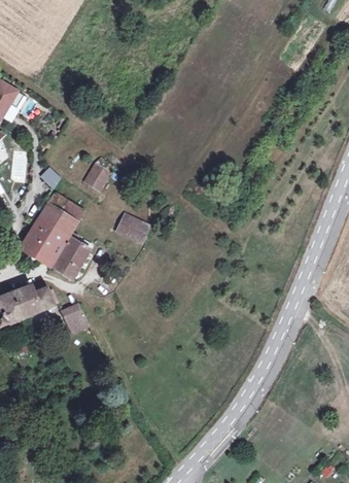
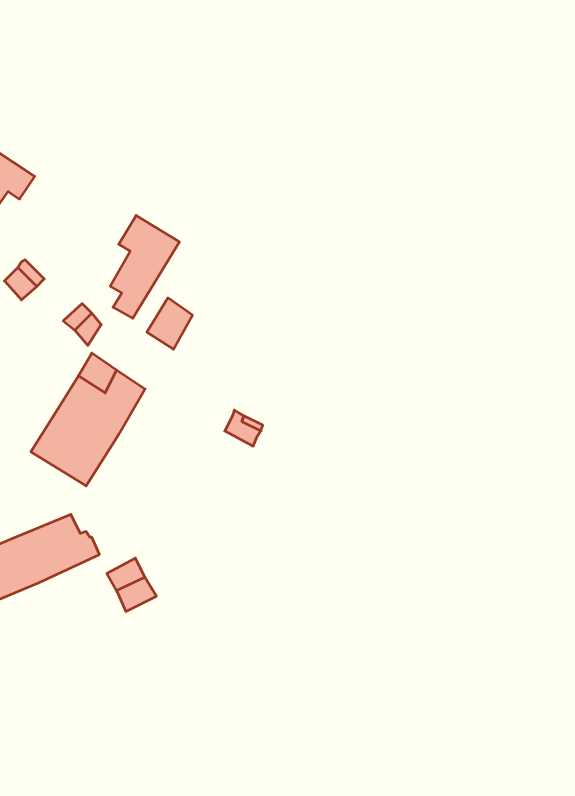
building: none -> [110,215,179,318]
building: [54,237,91,278] -> none

